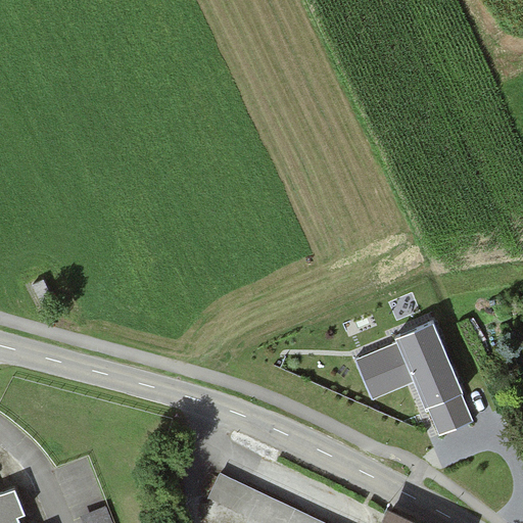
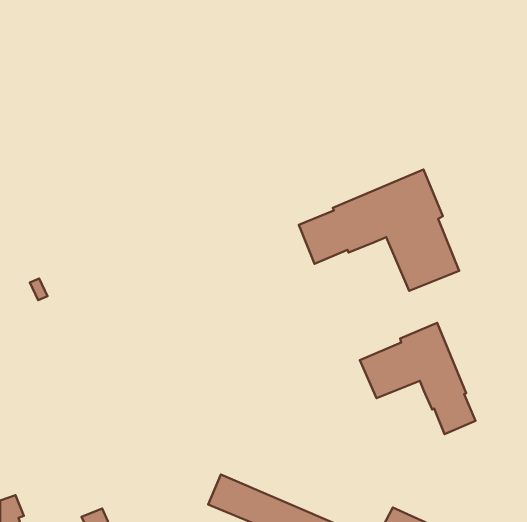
building: none -> [299,170,459,291]

